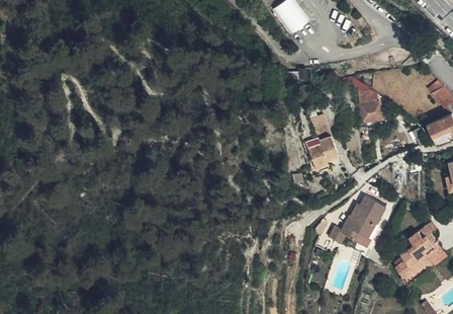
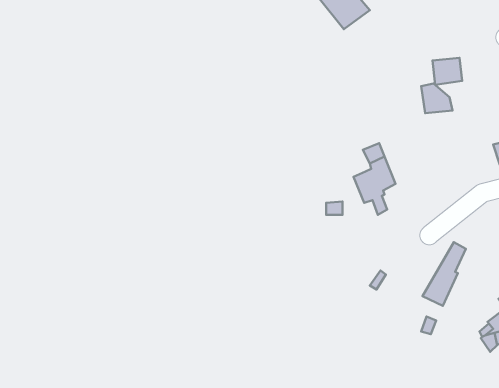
building: [357,99,379,120] -> [432,58,462,85]
building: [331,192,378,243] -> none

